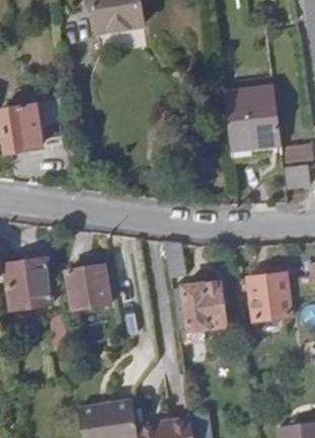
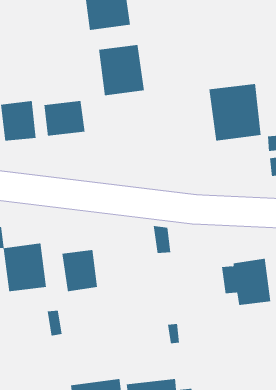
building: none -> [99,44,145,96]
building: none -> [44,100,85,137]
building: [180,270,224,319] -> none

